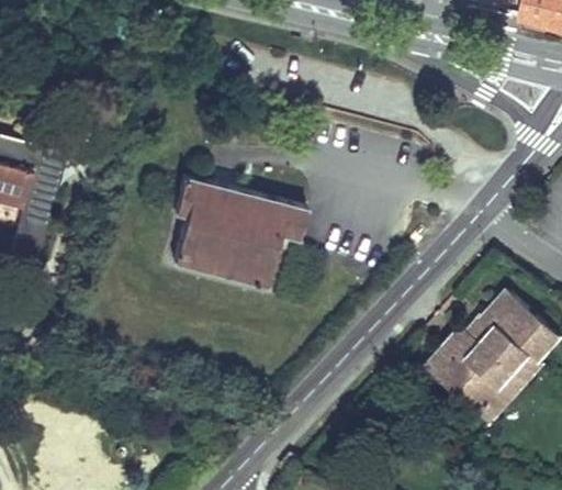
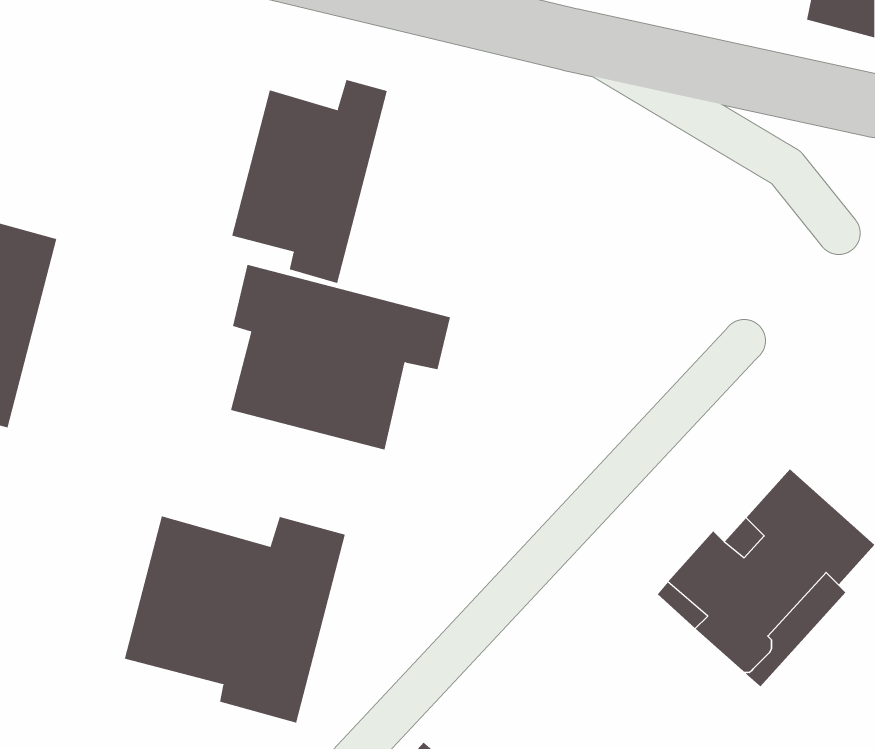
building: none -> [232,79,387,284]
building: none -> [124,515,346,723]

